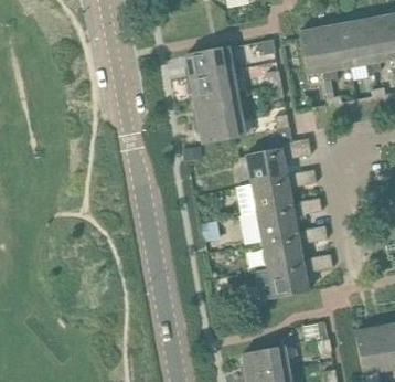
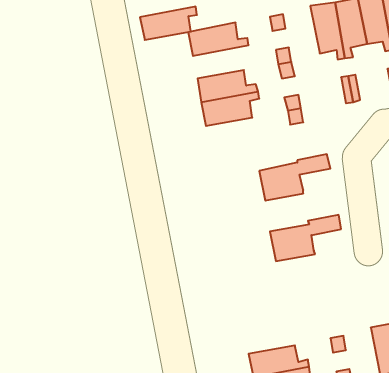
building: [189,66,242,97] -> [140,7,197,40]
building: [245,137,311,183] -> none
building: [256,195,321,240] -> none
building: [254,253,332,298] -> none

